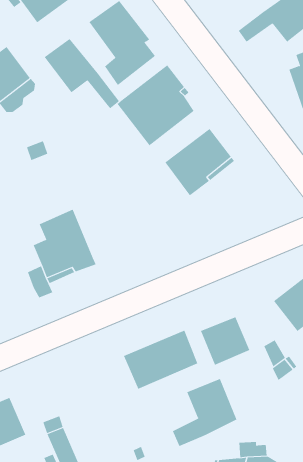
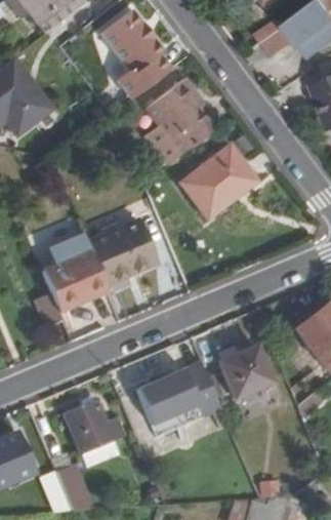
building: [44,38,120,109] -> none
building: none -> [87,222,155,284]
building: none -> [64,400,124,469]
building: [172,378,237,447] -> none

